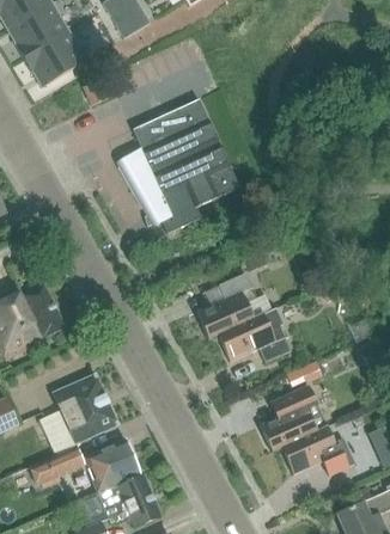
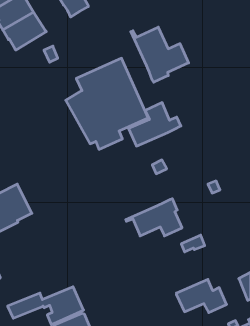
building: none -> [131,27,189,82]
building: [193,272,270,337] -> [128,103,181,146]
building: [41,373,118,450] -> none
building: [260,385,327,449] -> none

